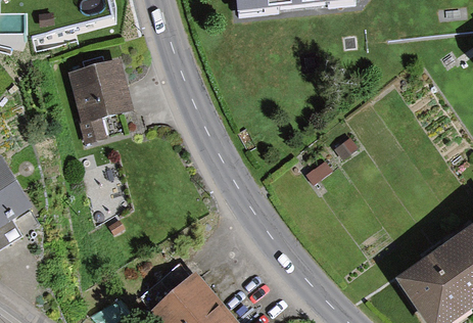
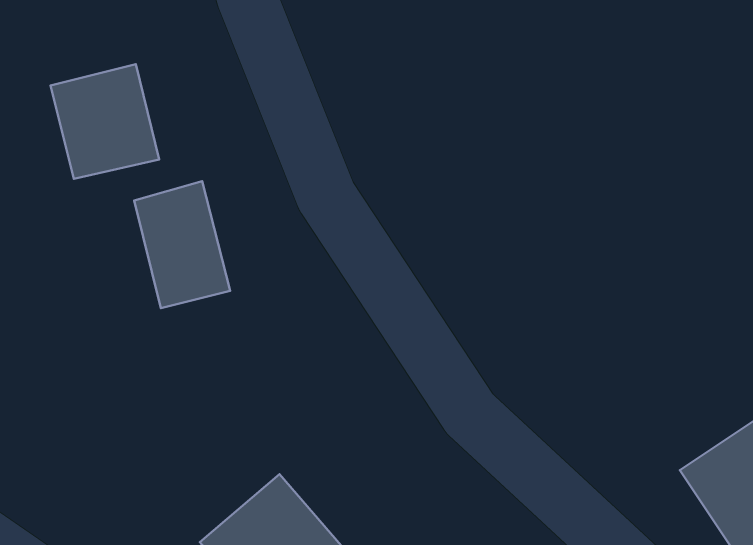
building: none -> [134,181,230,308]

